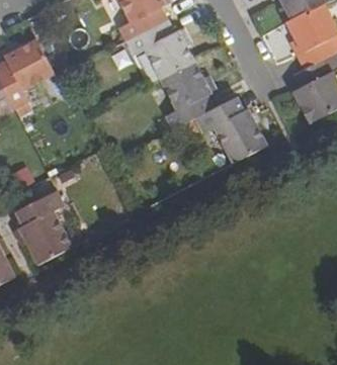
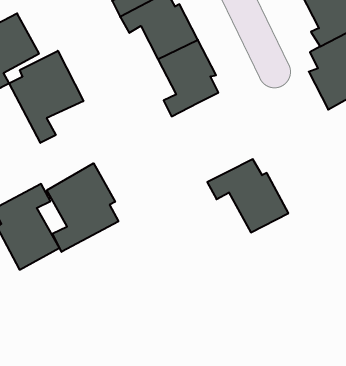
building: none -> [9,51,83,143]
building: [195,97,267,162] -> [207,159,288,232]
building: none -> [47,163,118,252]

